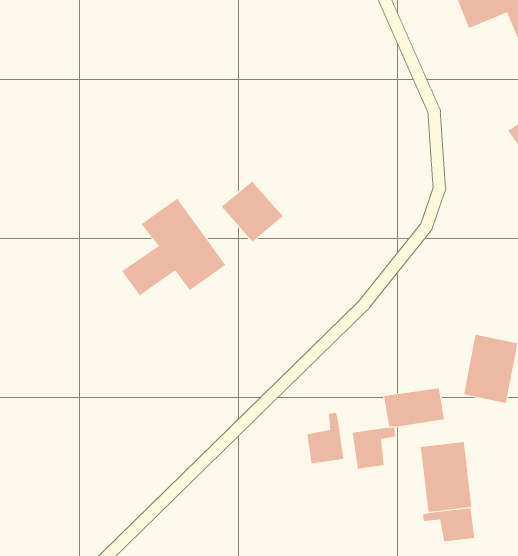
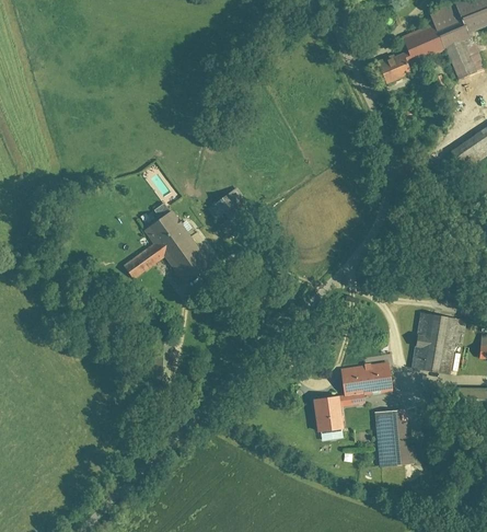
building: none -> [379,50,414,81]
building: [307,412,344,464] -> none
building: [423,507,475,542] -> none

